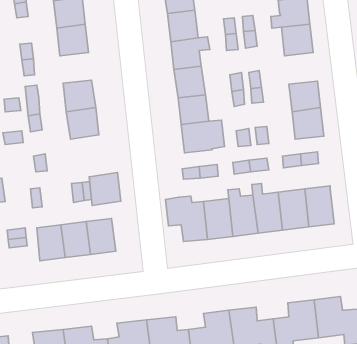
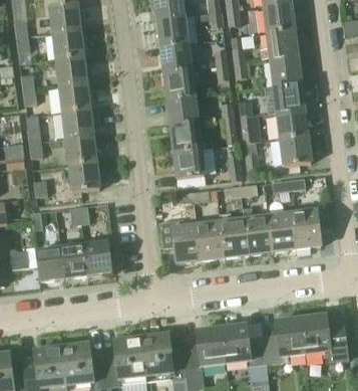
building: none -> [59,82,89,112]
building: none -> [273,82,304,113]
building: [89,173,121,205] -> [69,161,99,192]

